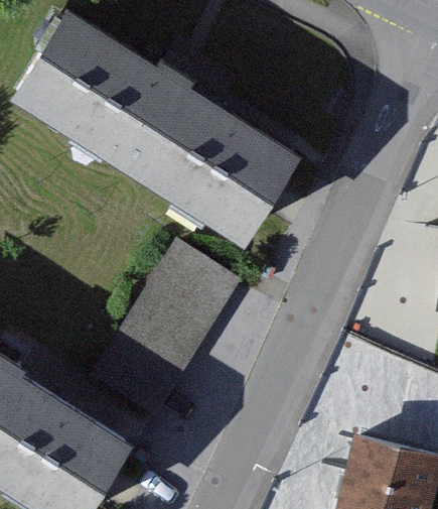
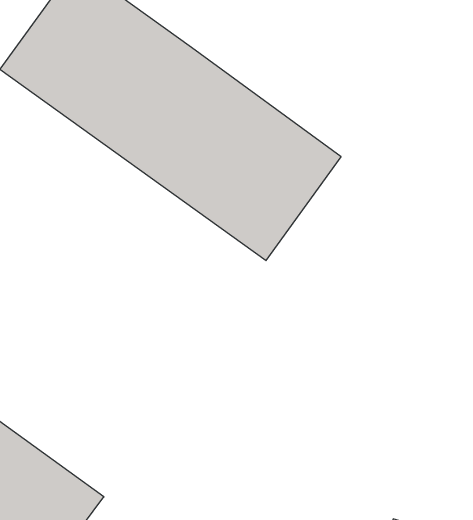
building: [95,238,245,415] -> none

